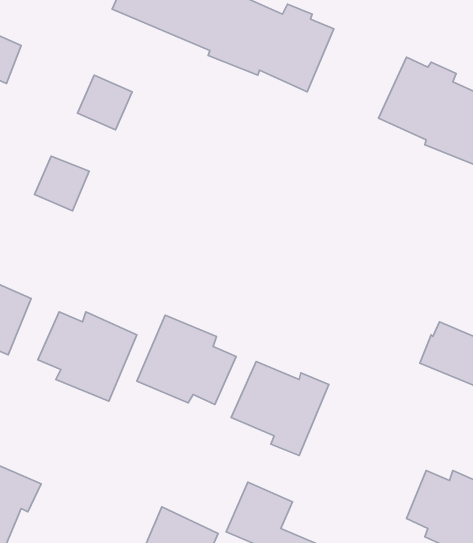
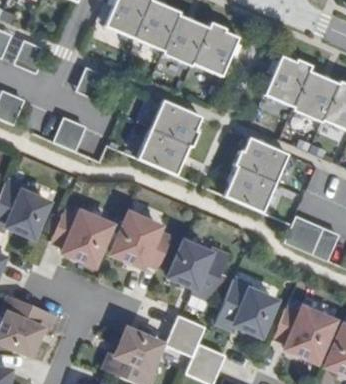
building: none -> [132,101,196,176]
building: none -> [218,138,282,213]
building: none -> [219,277,278,333]

